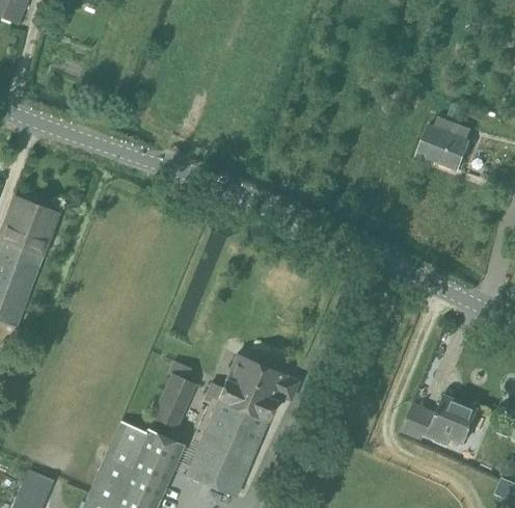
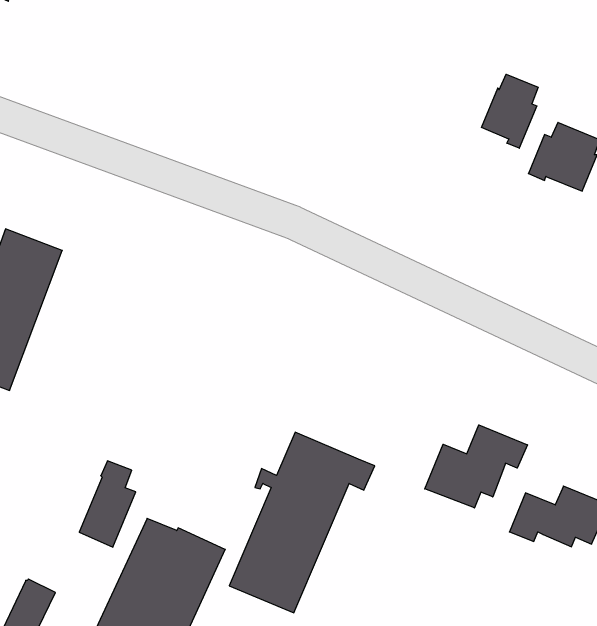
building: none -> [481,74,538,148]
building: none -> [425,425,527,508]
building: [153,363,196,429] -> [79,461,136,547]

